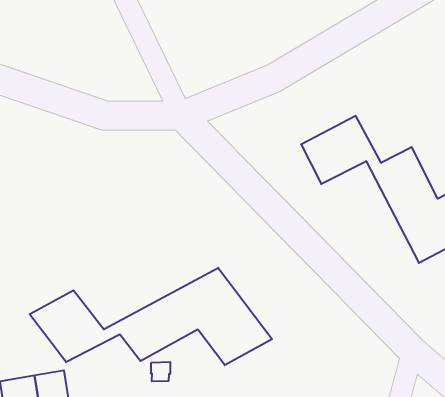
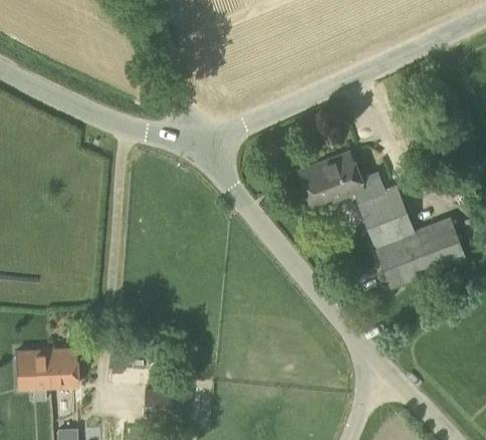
building: [30,268,272,365] -> none

